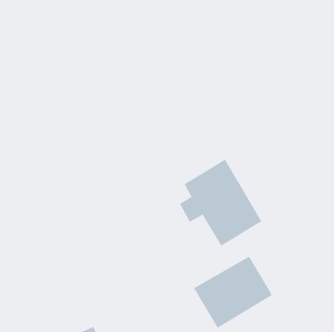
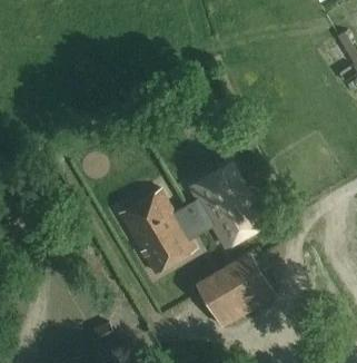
building: none -> [119,189,195,273]

